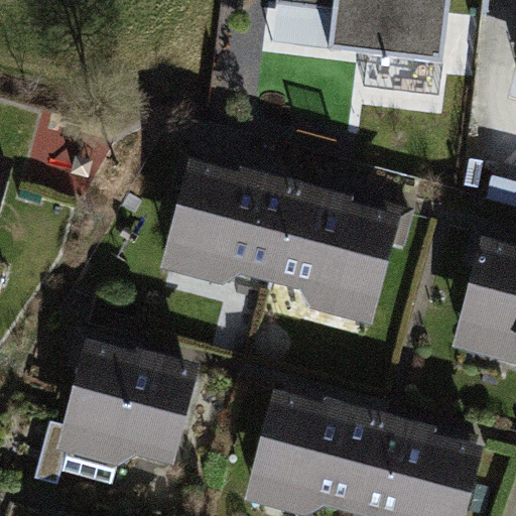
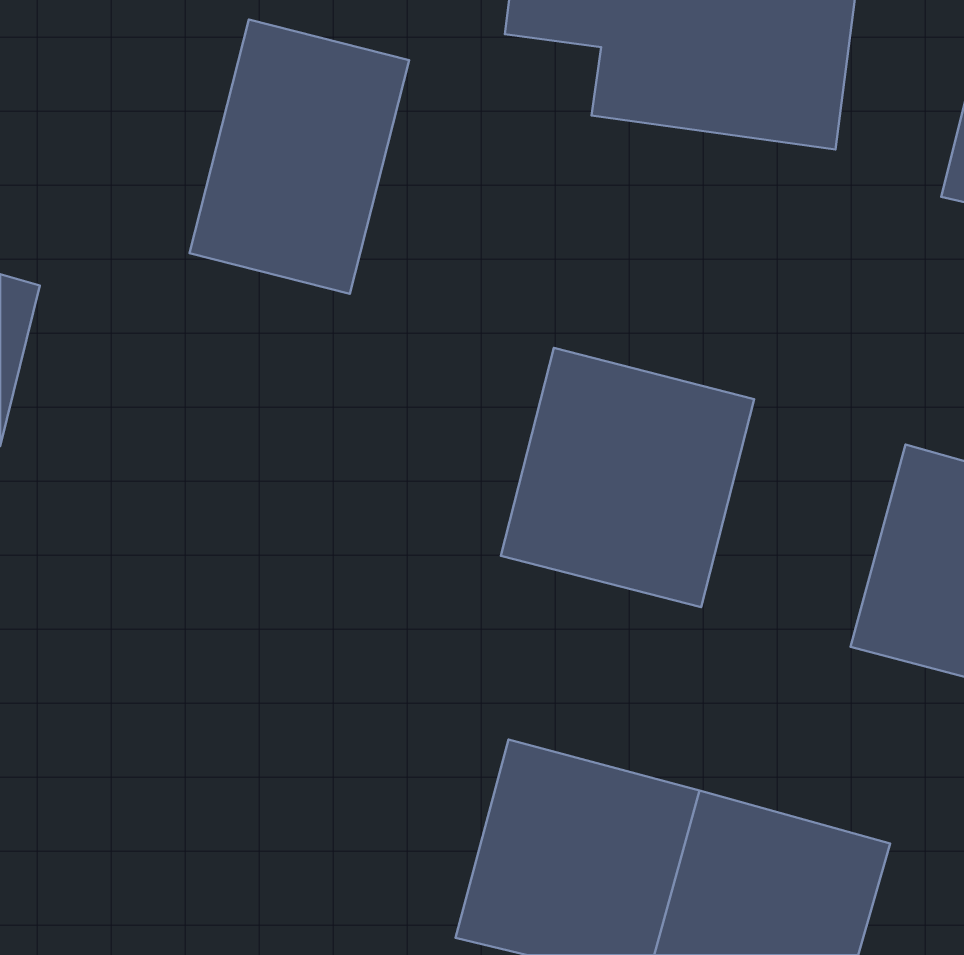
building: none -> [190,19,409,294]
building: [161,159,296,296] -> none
building: [54,338,195,473] -> none

